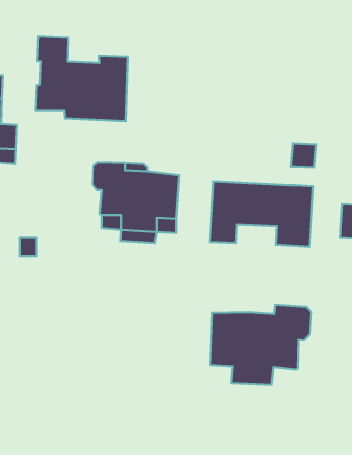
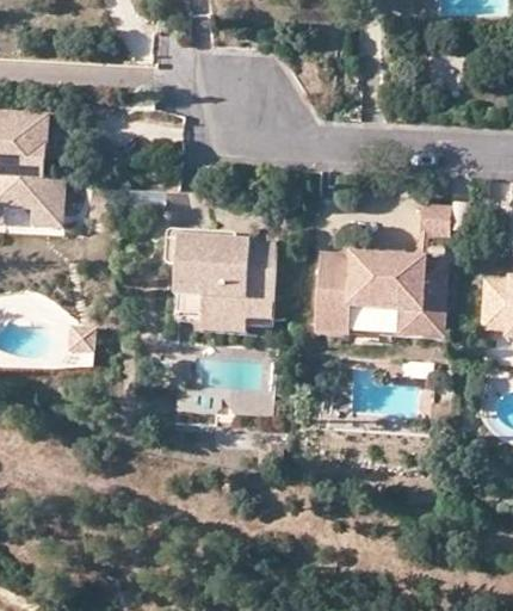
building: [35,36,128,121] -> none
building: [210,305,311,385] -> none

